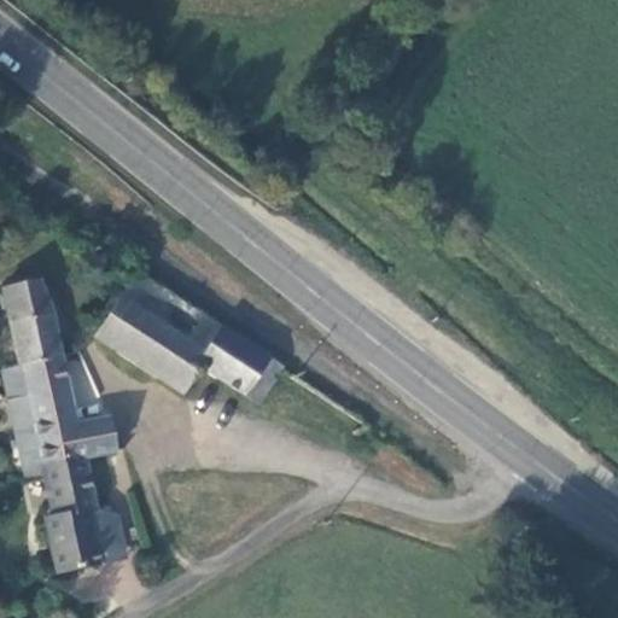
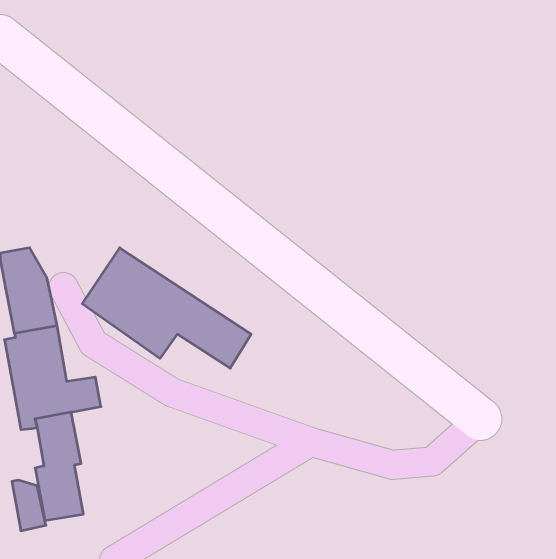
building: [87,512,124,567] -> [12,480,46,531]

